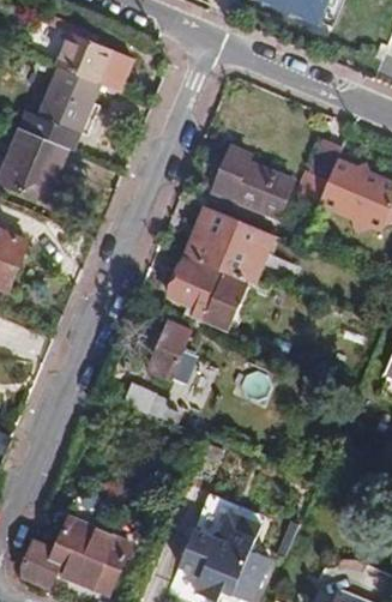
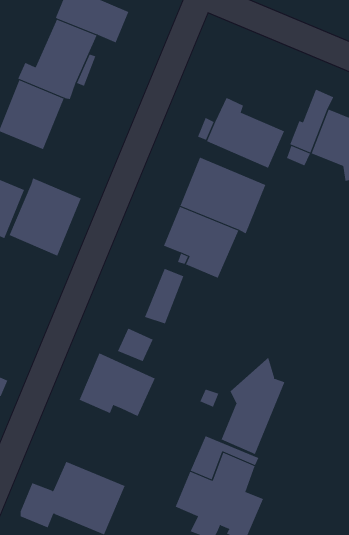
building: none -> [9,177,82,256]
building: none -> [79,353,155,417]
building: none -> [221,357,285,455]

